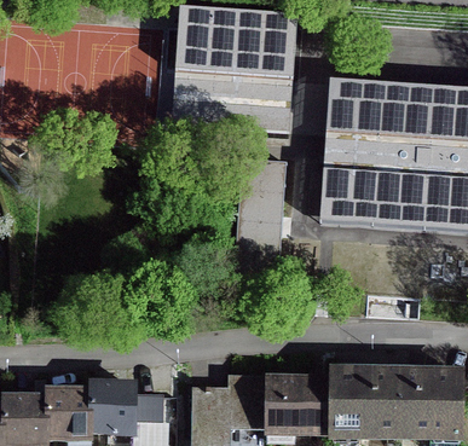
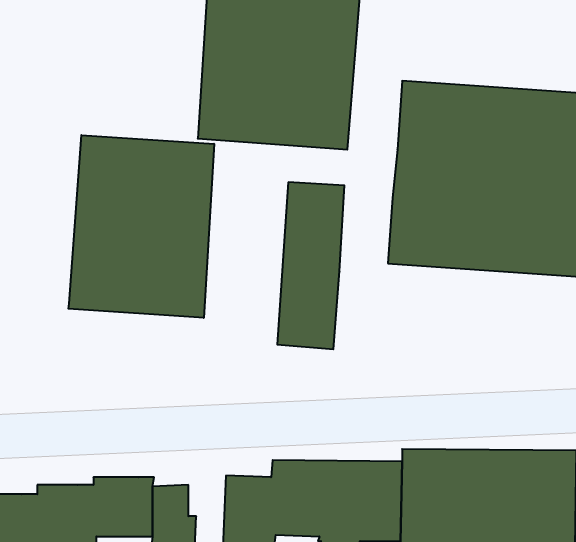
building: none -> [68,135,214,318]

